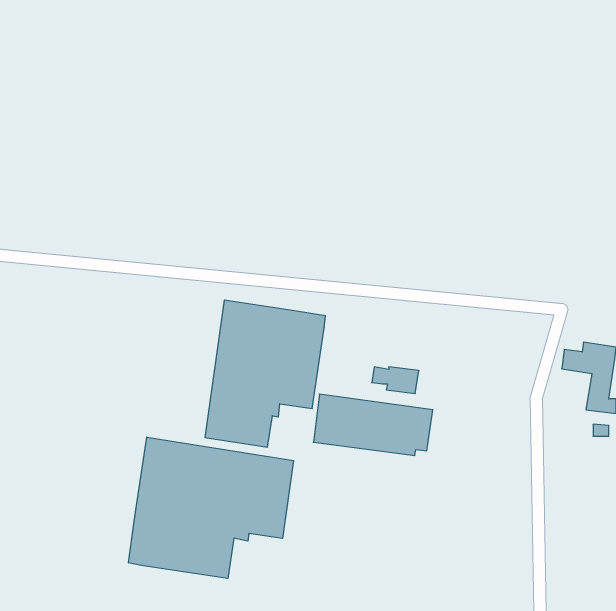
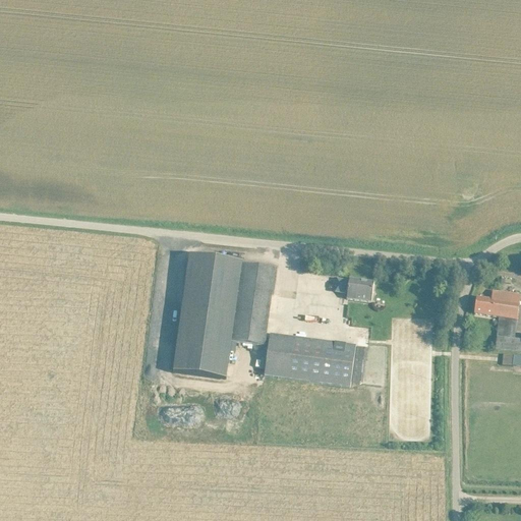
building: [372,367,419,393] -> [335,277,374,299]
building: [129,437,294,578] -> none

